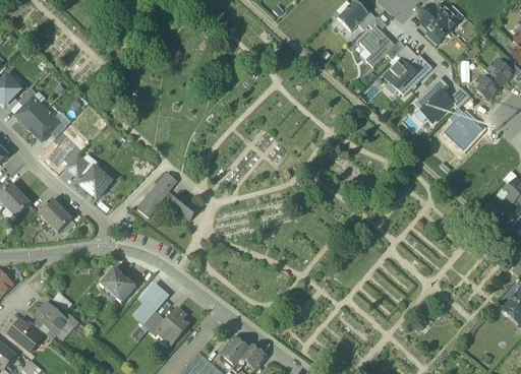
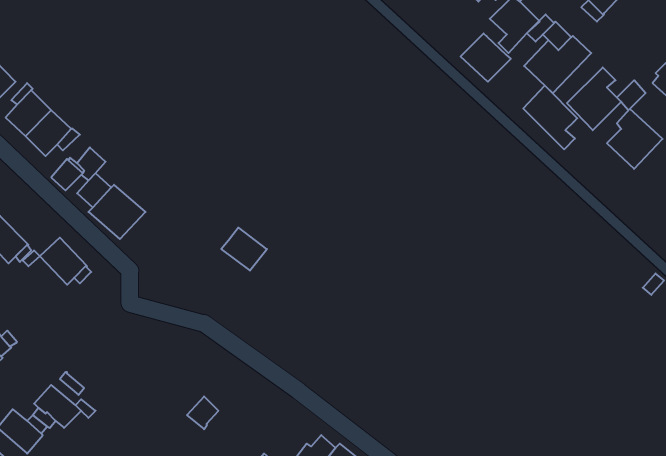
building: none -> [461,33,511,82]
building: none -> [523,86,577,149]
building: [137,173,176,216] -> none
building: [101,267,135,302] -> none
building: [133,283,166,324] -> none
building: [158,307,188,340] -> none

